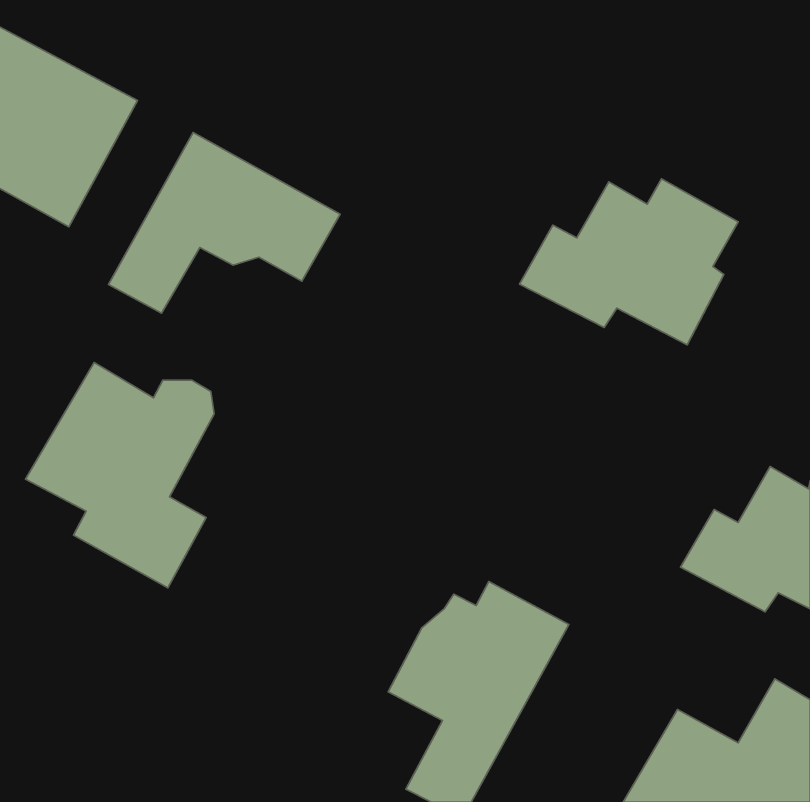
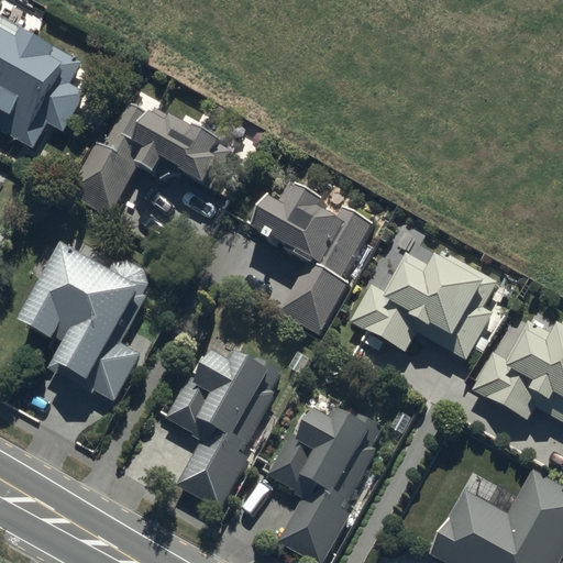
building: [519,179,738,345] -> [347,250,498,364]
building: none -> [256,180,377,333]
building: none -> [164,346,288,510]

